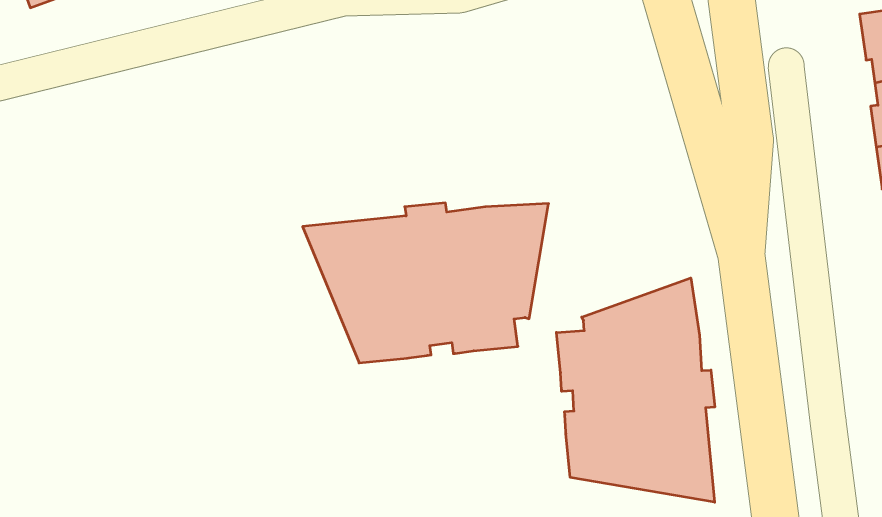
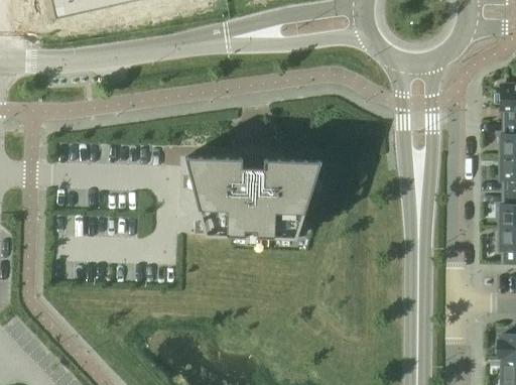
building: [556,278,715,502] -> none

